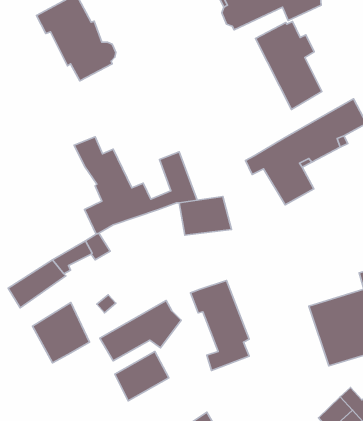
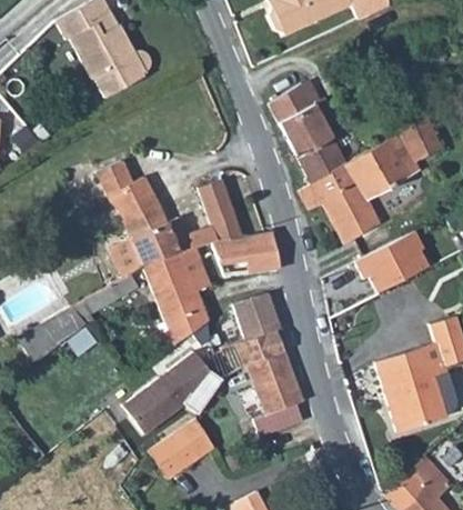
building: [256,21,322,109] -> [268,82,345,186]
building: none -> [354,231,427,293]
building: none -> [144,249,211,344]
building: none -> [234,294,283,342]
building: [32,302,90,363] -> none

